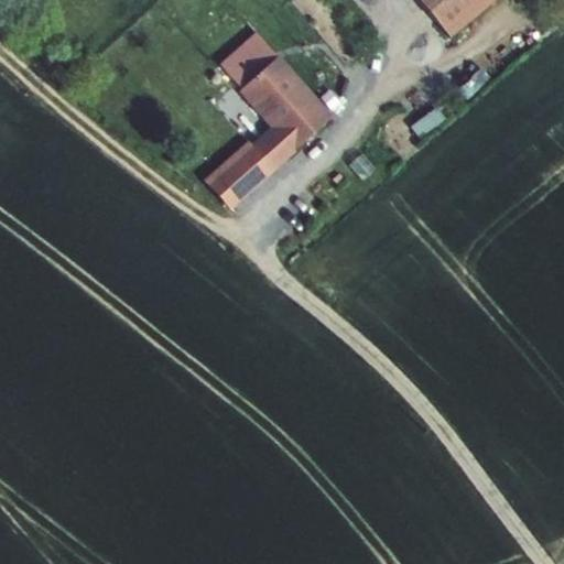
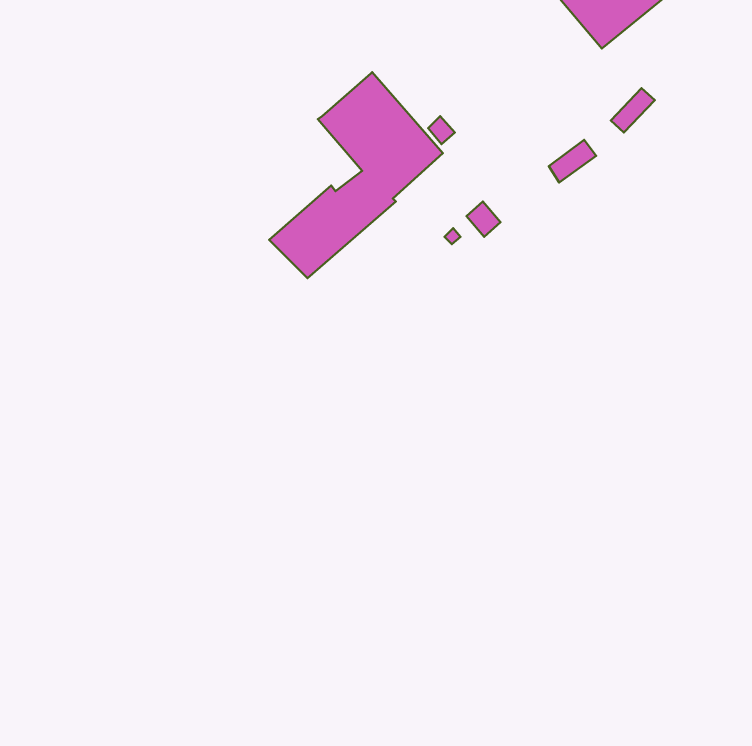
building: [219,30,278,87] -> none

